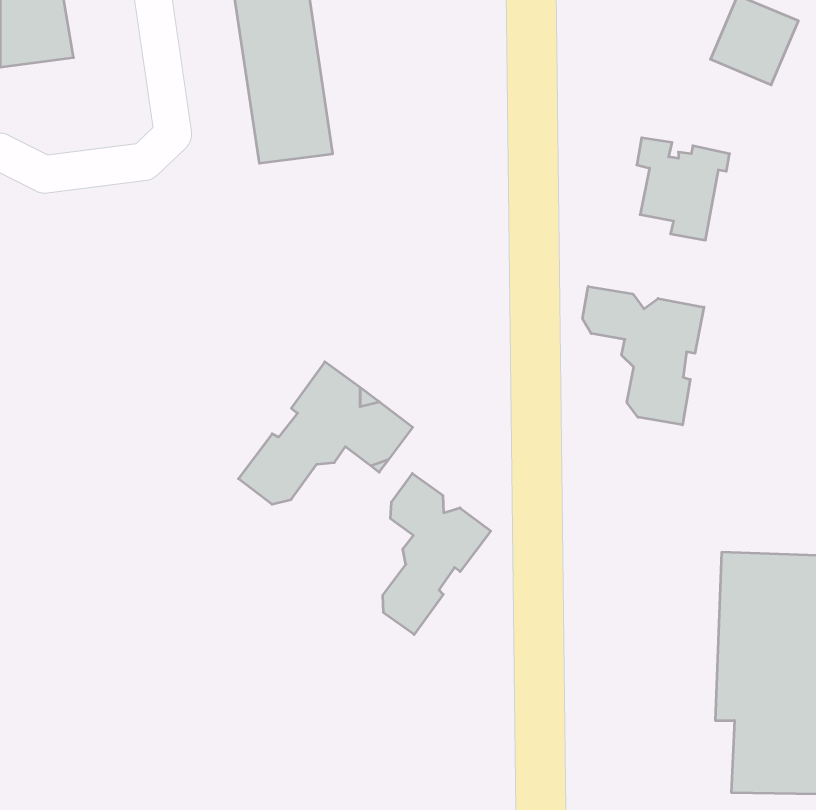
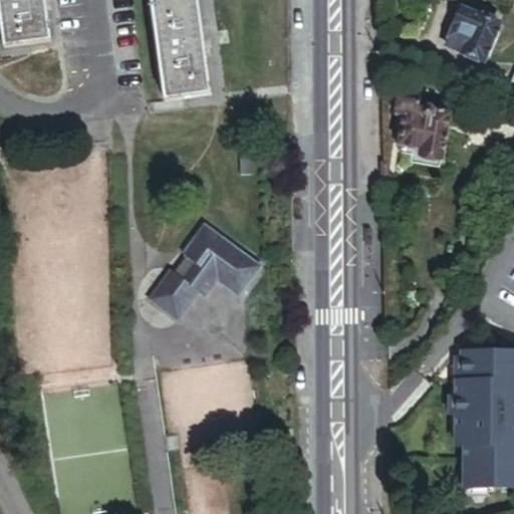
building: [583,286,704,425] -> none
building: [383,473,491,635] -> none

